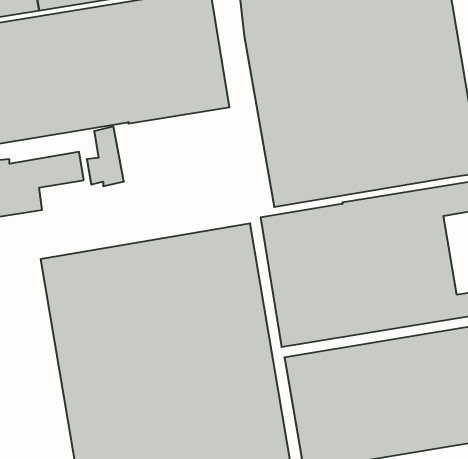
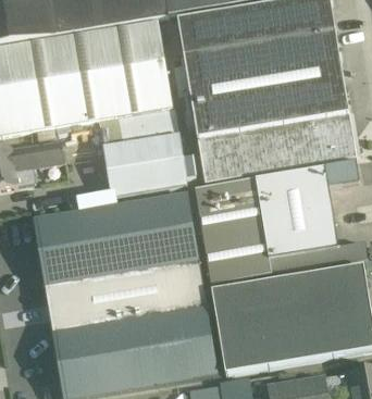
building: none -> [99,107,186,195]

